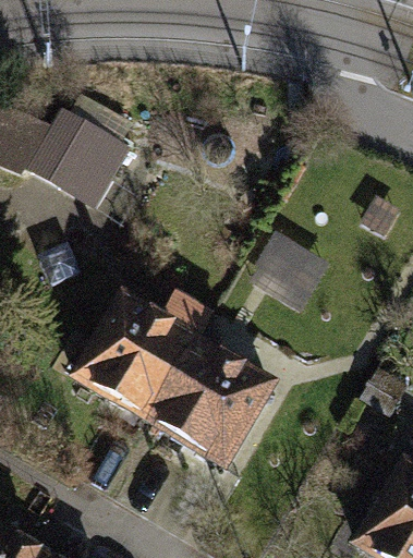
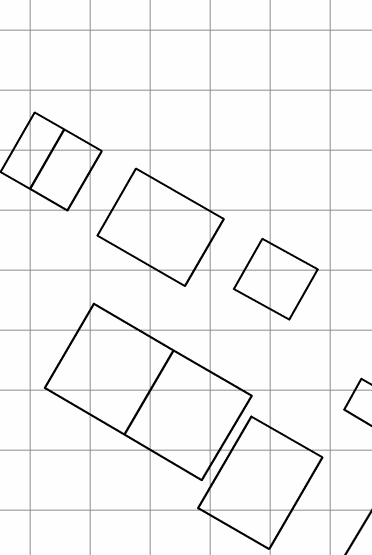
building: none -> [97,169,224,286]
building: none -> [198,416,322,549]

